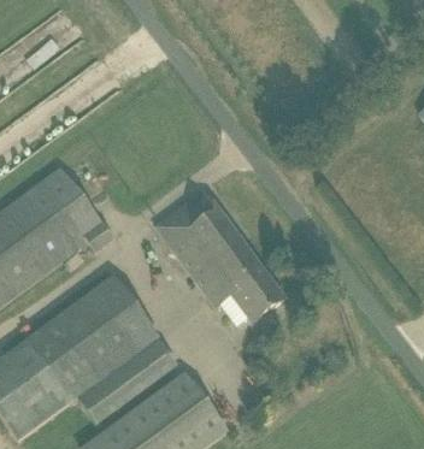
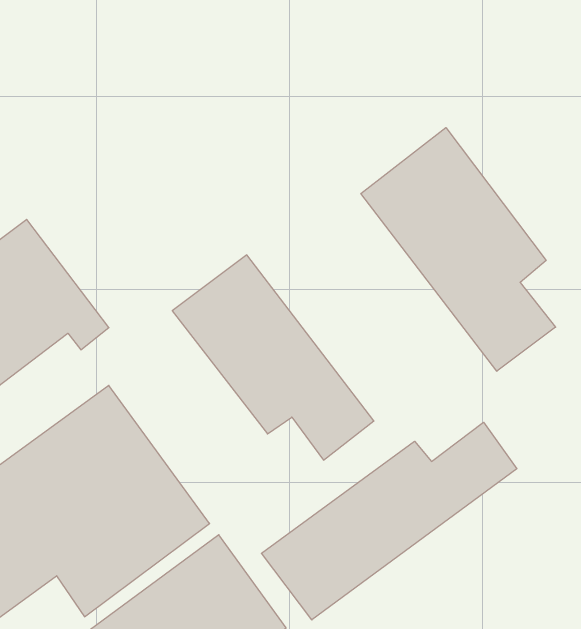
building: none -> [361,128,556,371]
building: none -> [261,422,517,620]

